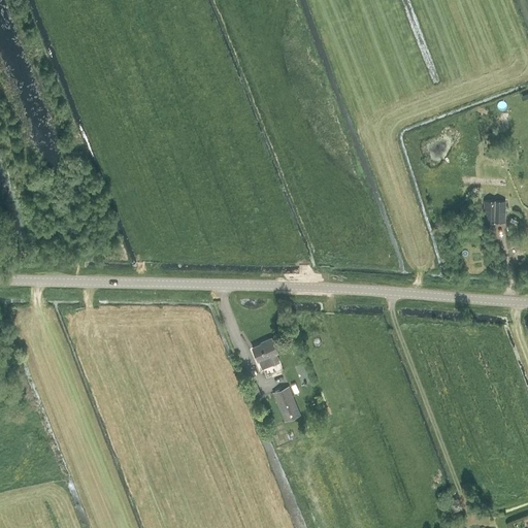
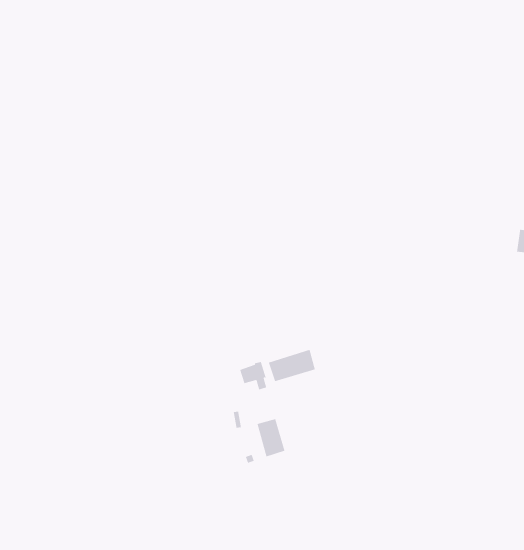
building: none -> [268,349,316,382]

